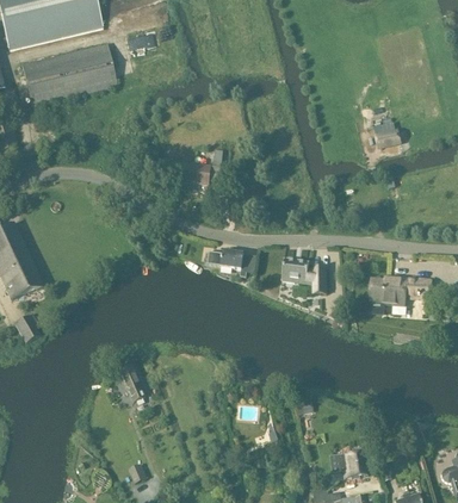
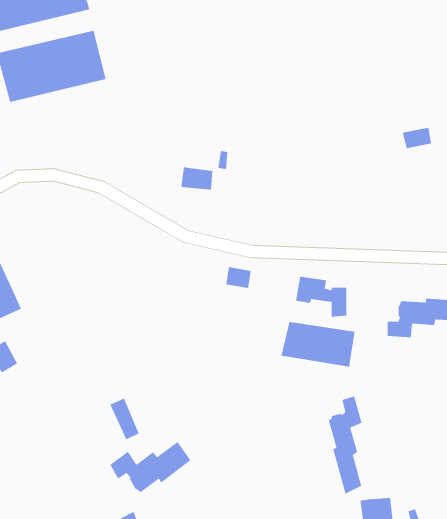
building: none -> [281,321,355,368]
building: none -> [328,396,362,494]
building: none -> [109,441,191,493]

